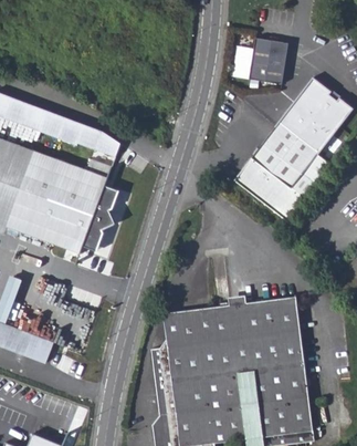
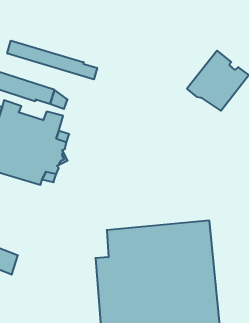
building: [244,40,284,87] -> none
building: none -> [7,41,97,79]
building: [228,129,313,224] -> none

